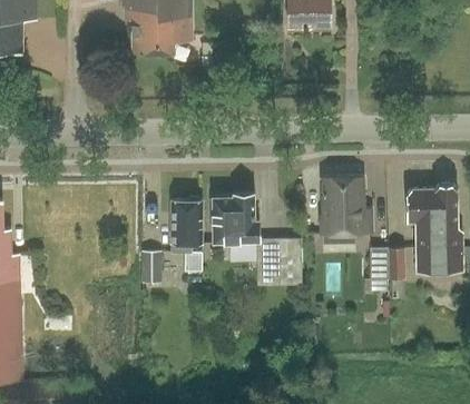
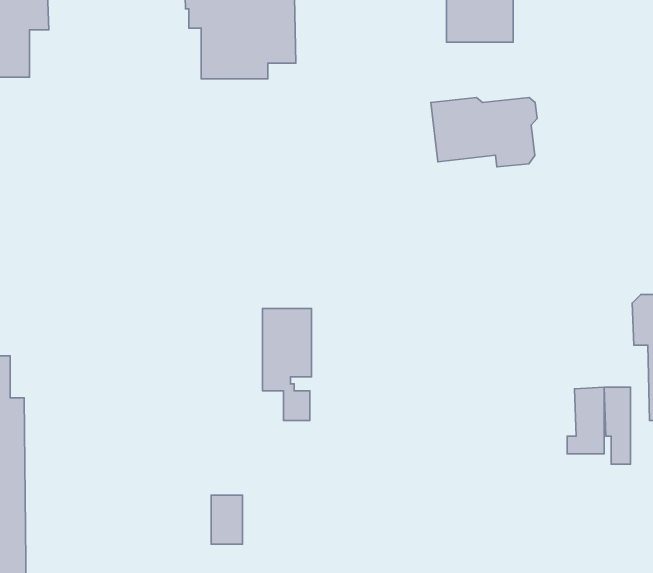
building: none -> [431,98,537,167]
building: [323,177,372,234] -> none
building: [213,191,302,283] -> none
building: [143,252,163,283] -> [211,495,243,544]

